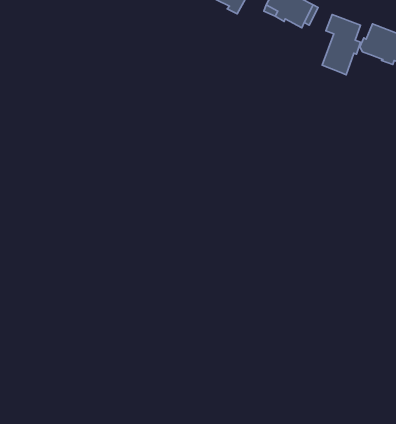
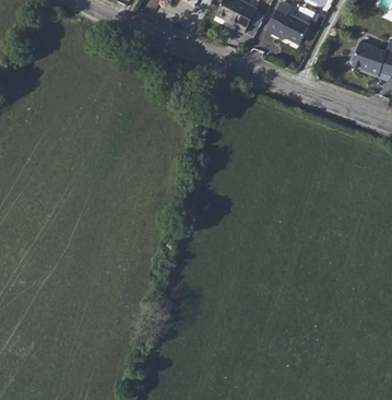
building: [322,14,361,75] -> none

